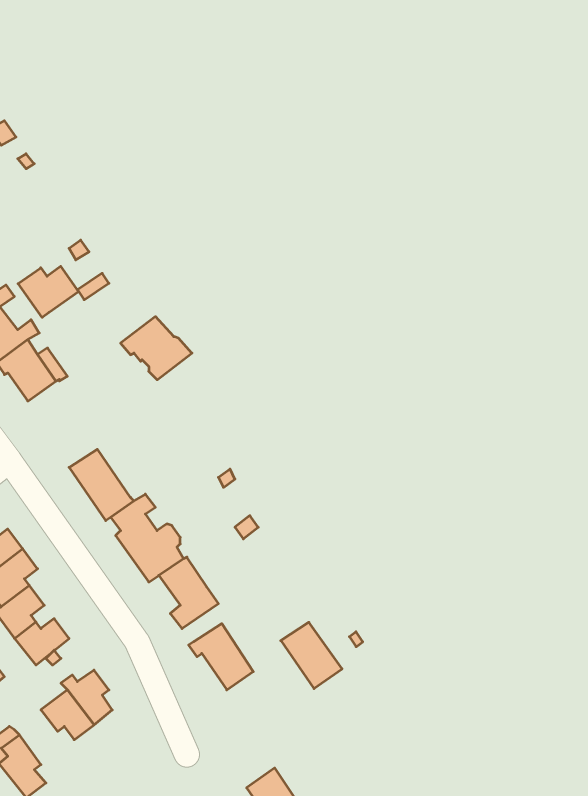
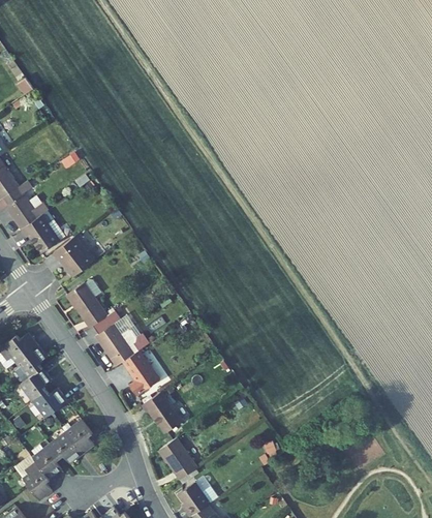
building: [18,266,79,317] -> none
building: [121,317,192,380] -> [53,237,97,276]
building: [281,622,342,689] -> [159,438,197,480]
building: none -> [33,446,62,480]

